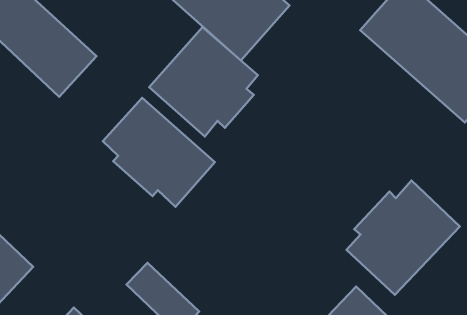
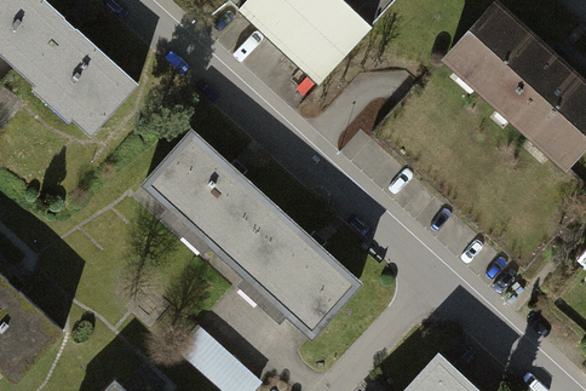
building: [149,27,258,137] -> none
building: none -> [231,209,363,337]
building: [347,180,460,295] -> none

